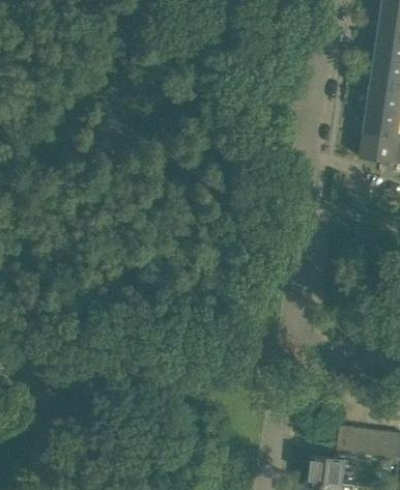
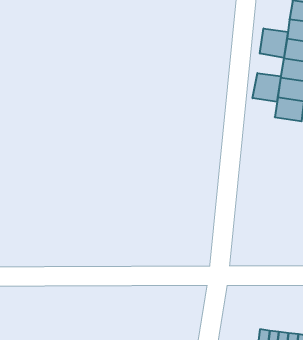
building: none -> [260,28,288,58]
building: none -> [253,73,281,102]

